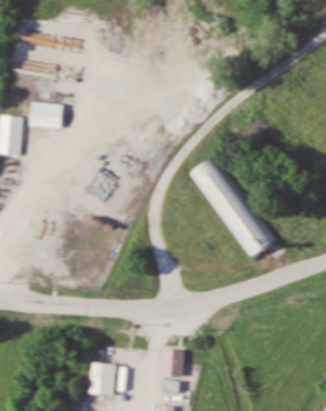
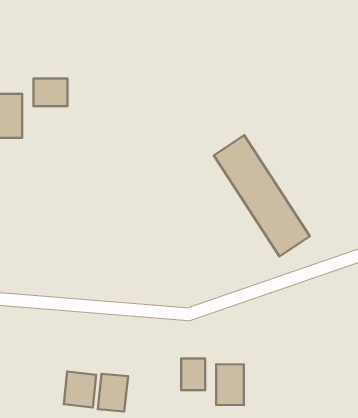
building: none -> [216,364,244,405]
building: none -> [64,372,96,408]

